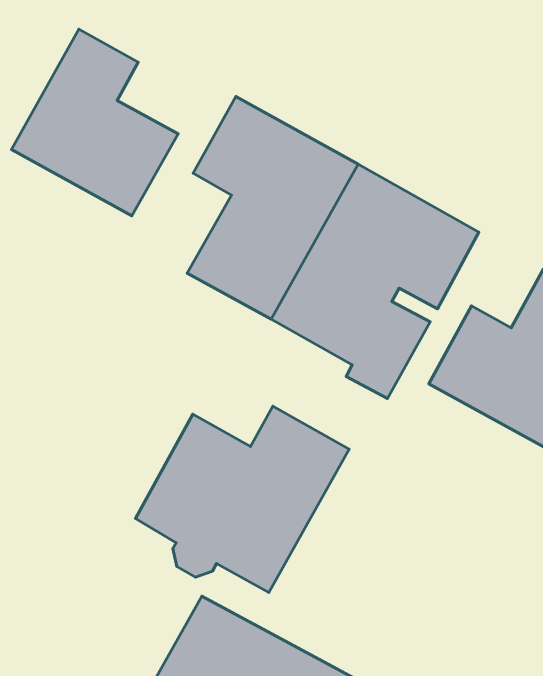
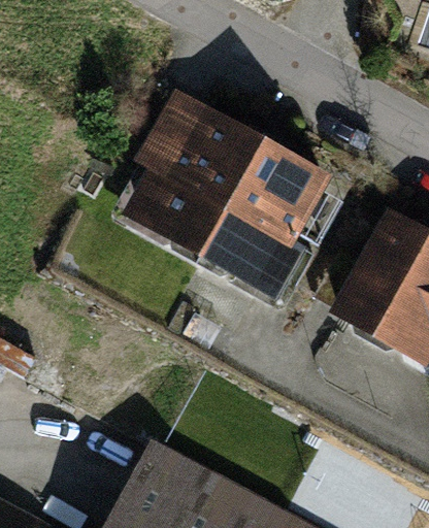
building: [11,29,178,216] -> none
building: [135,406,349,592] -> none

